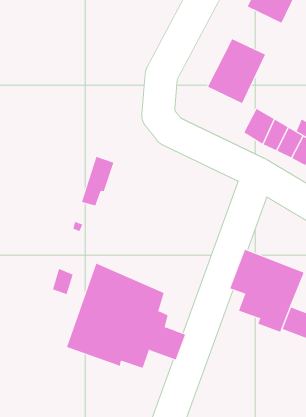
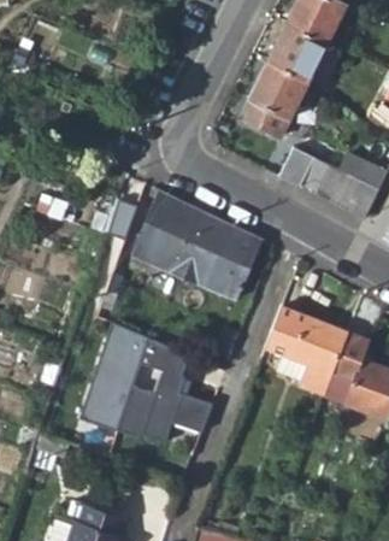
building: none -> [266,31,323,86]
building: none -> [129,190,263,299]

